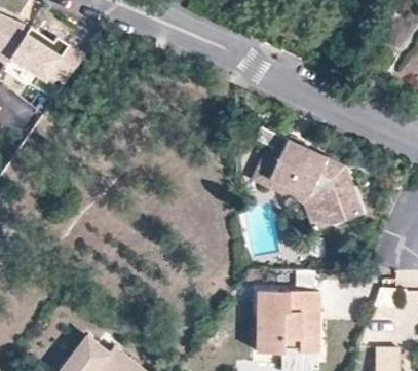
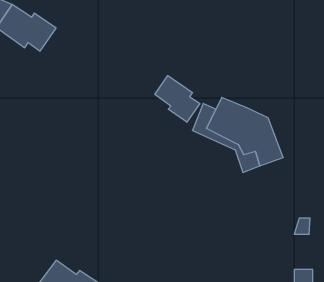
building: none -> [155,76,200,122]
building: [258,290,318,350] -> none

